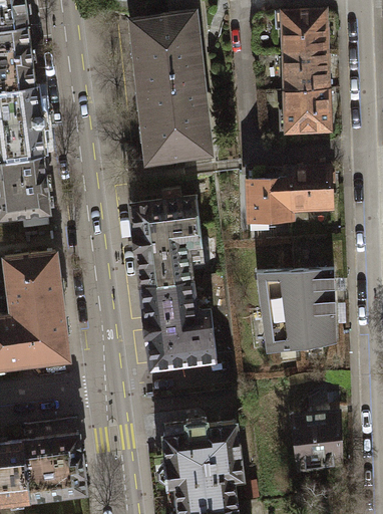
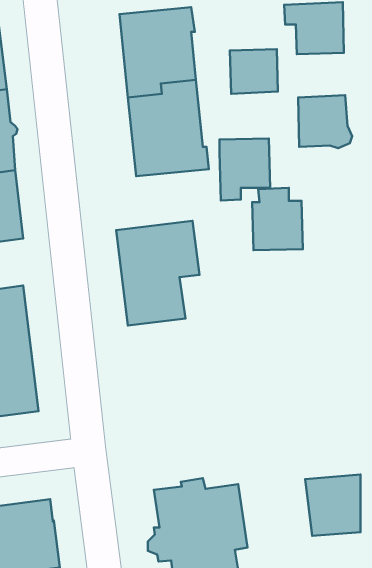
building: [286,53,327,91] -> [230,49,278,94]
building: [290,168,333,221] -> [220,138,270,201]
building: [260,270,338,353] -> none
building: [141,280,218,366] -> none

